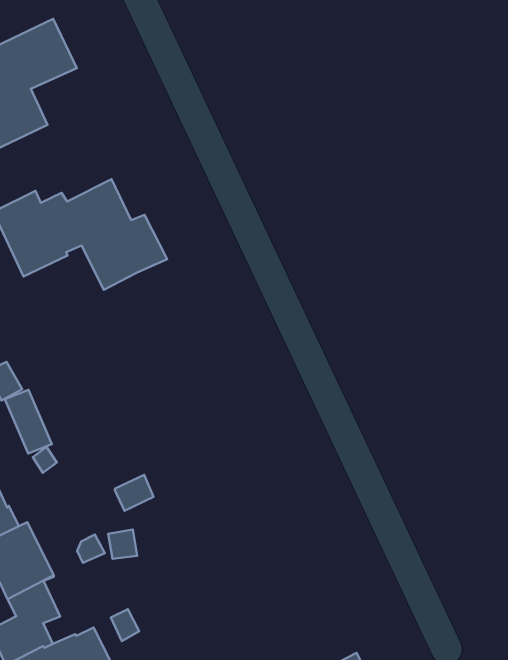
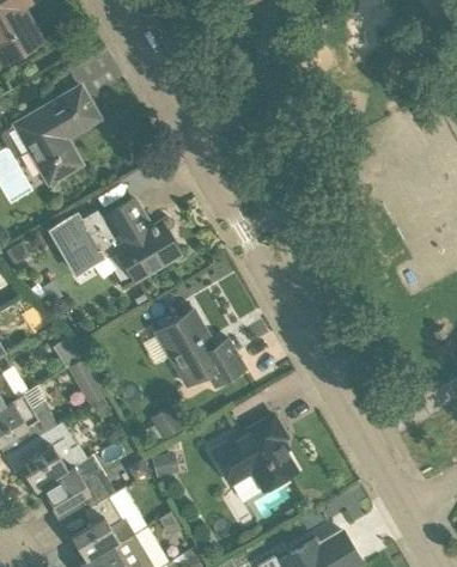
building: none -> [154,311,245,389]
building: none -> [211,416,295,492]

